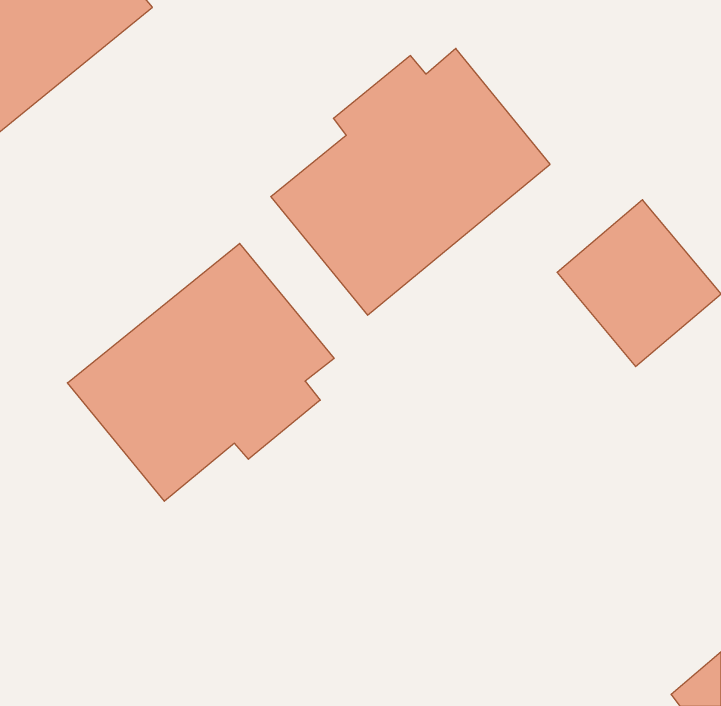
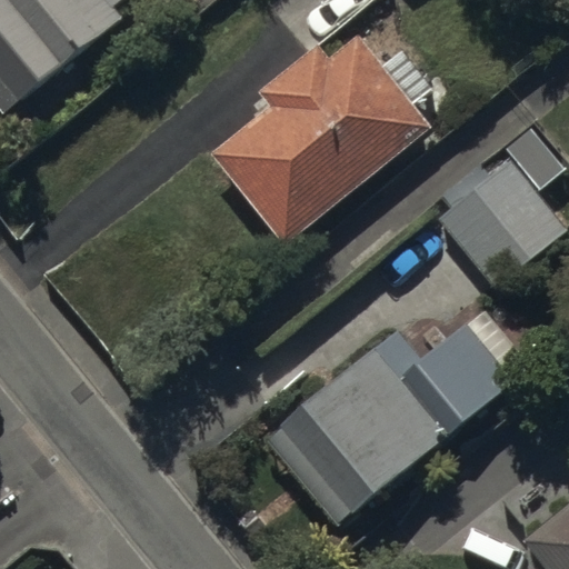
building: [67,243,334,501] -> none
building: none -> [268,327,512,529]

